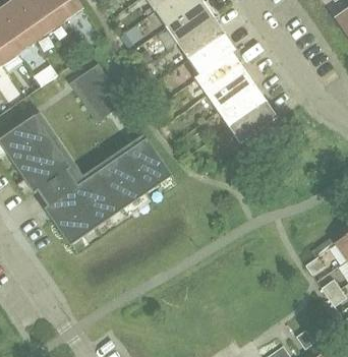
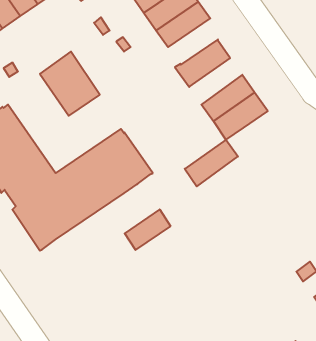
building: [186,32,236,74] -> none
building: [206,68,254,111] -> [185,140,238,186]
building: none -> [125,209,170,250]

